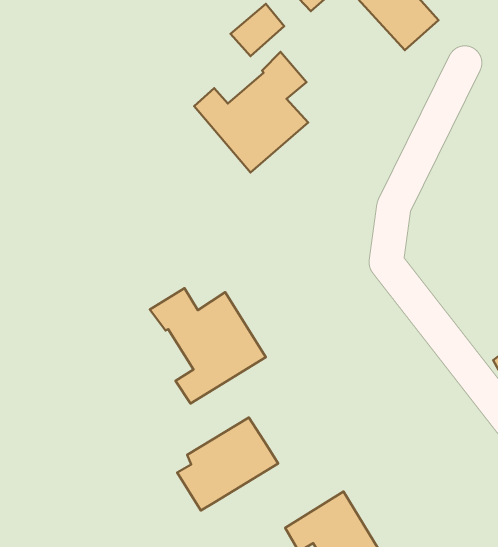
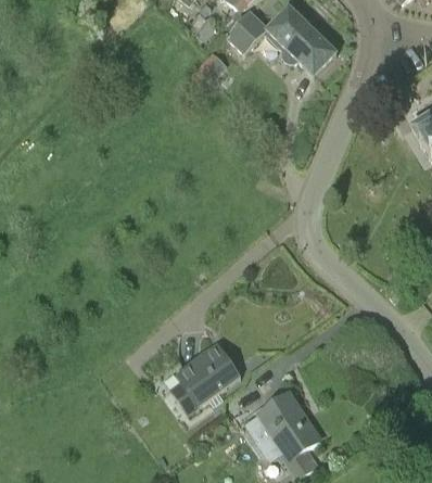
building: [194,52,308,172] -> none
building: [150,288,266,403] -> none

